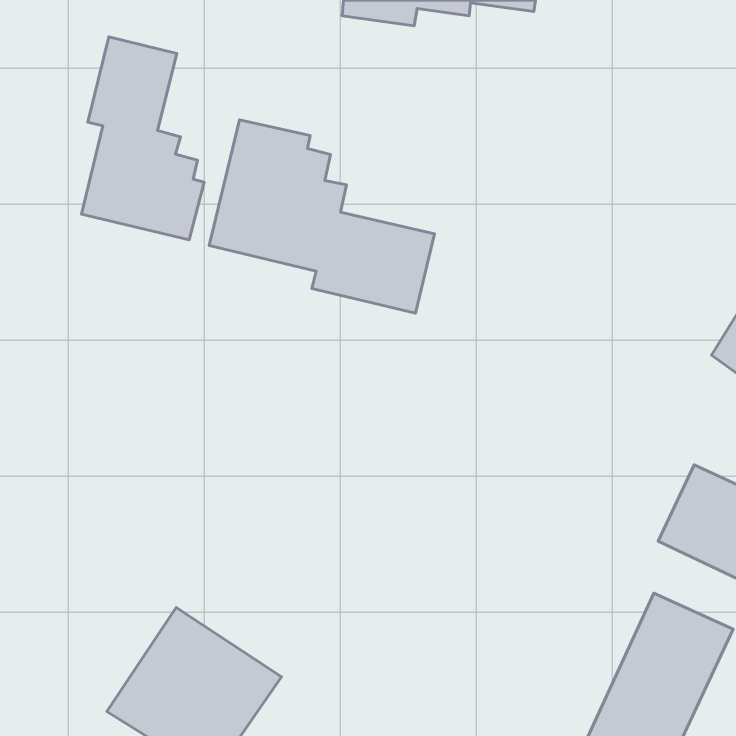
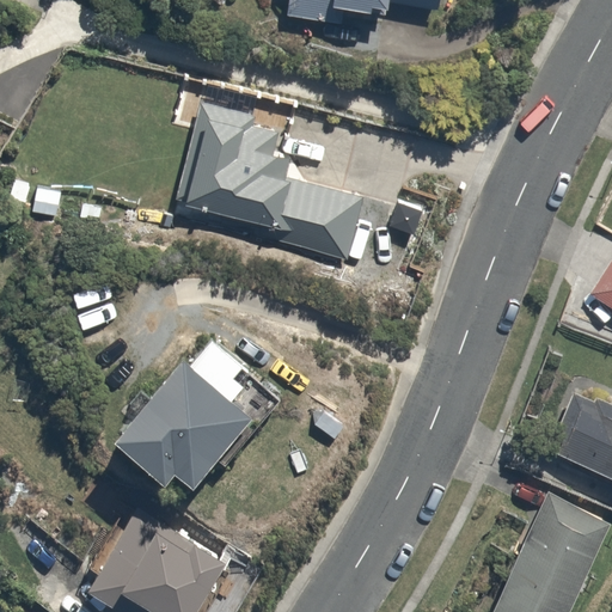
building: [82,37,204,240] -> none
building: none -> [115,333,262,489]

